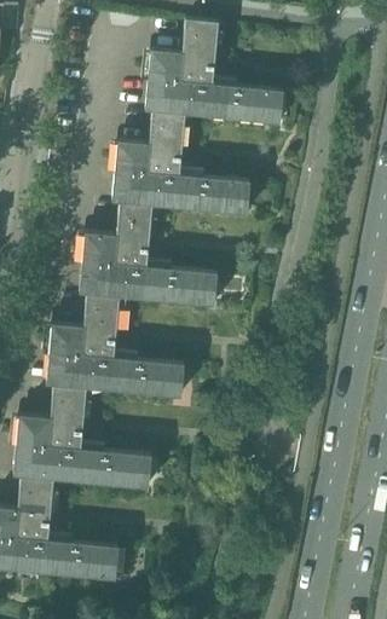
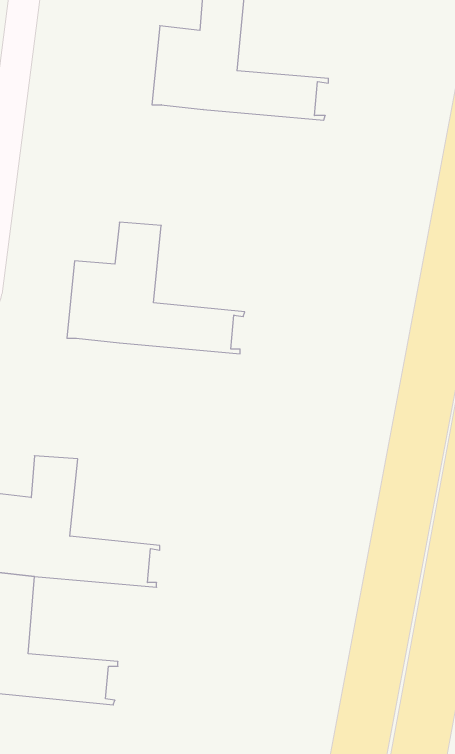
building: [111,110,250,214] -> none
building: [46,293,184,397] -> none

